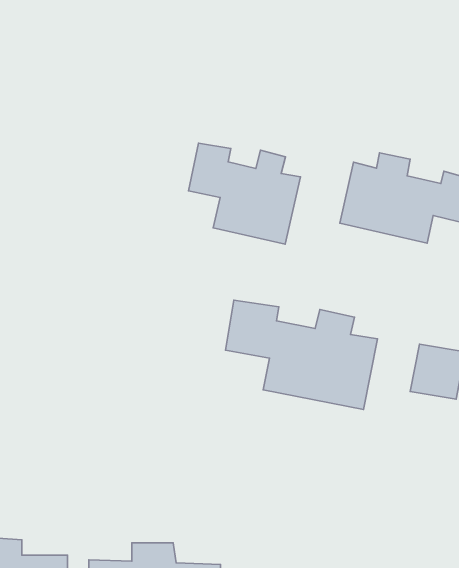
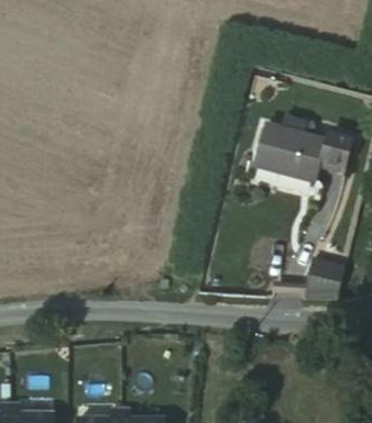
building: [188,143,301,244] -> none
building: [225,300,377,409] -> none

